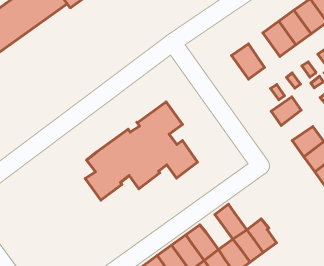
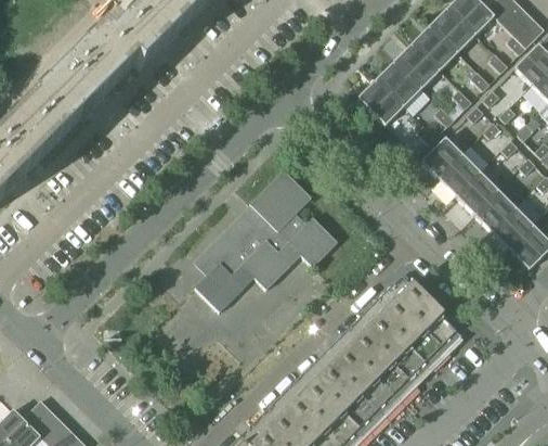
building: none -> [379,61,422,105]
building: none -> [439,153,480,194]
building: none -> [387,276,432,319]
building: none -> [354,306,400,351]

